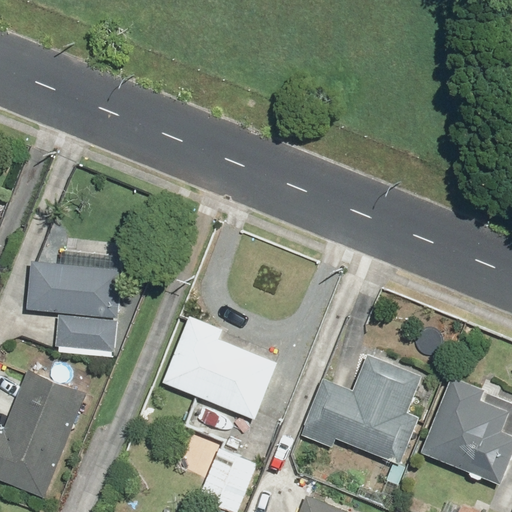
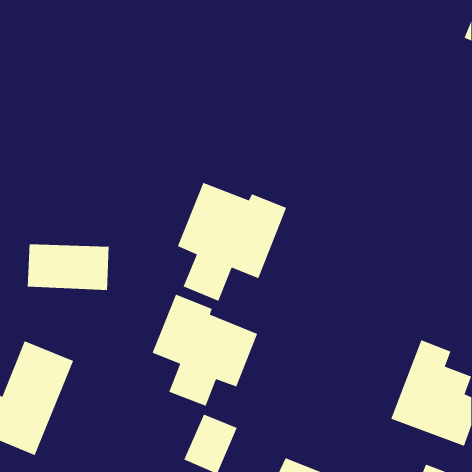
building: none -> [177,182,287,302]
building: [55,315,116,345] -> none
building: [303,353,425,467] -> none

